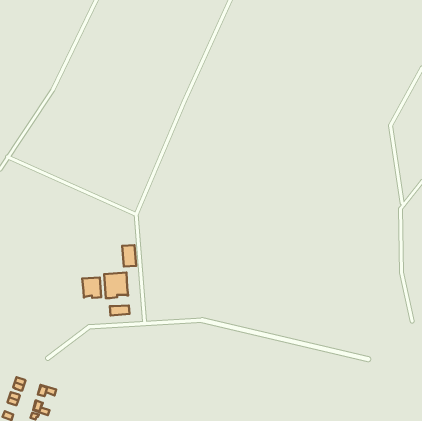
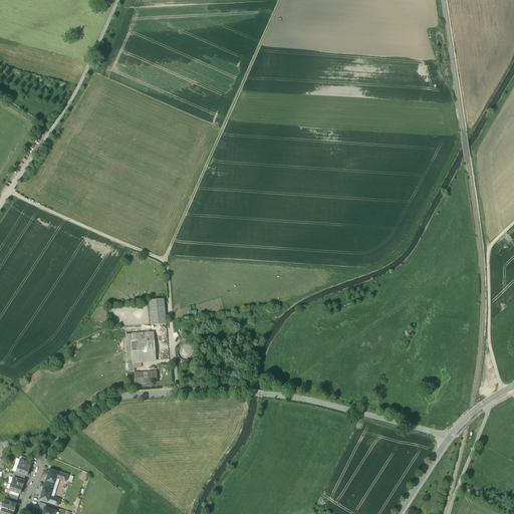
building: [82,277,101,298] -> none

